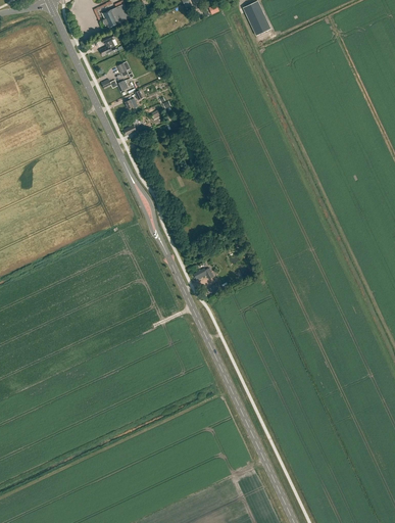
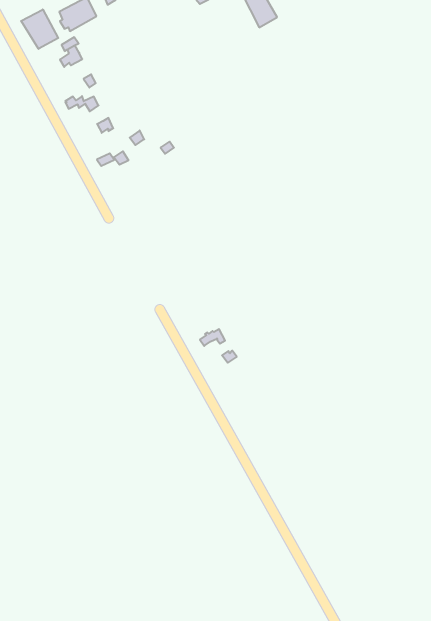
building: none -> [21,9,58,49]

